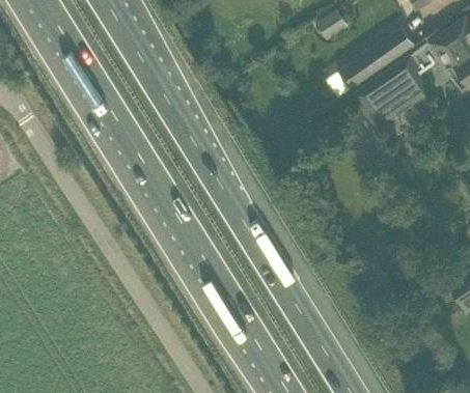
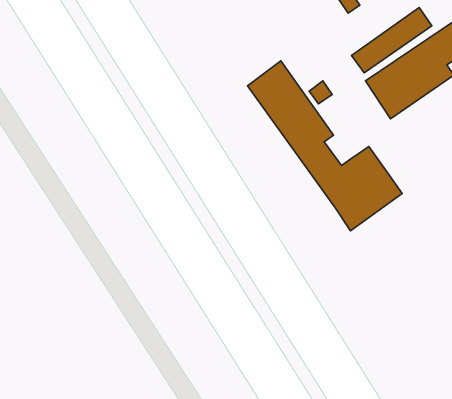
building: none -> [247,61,402,231]

